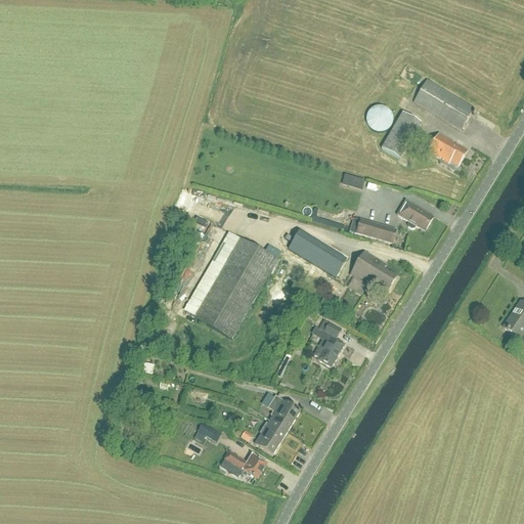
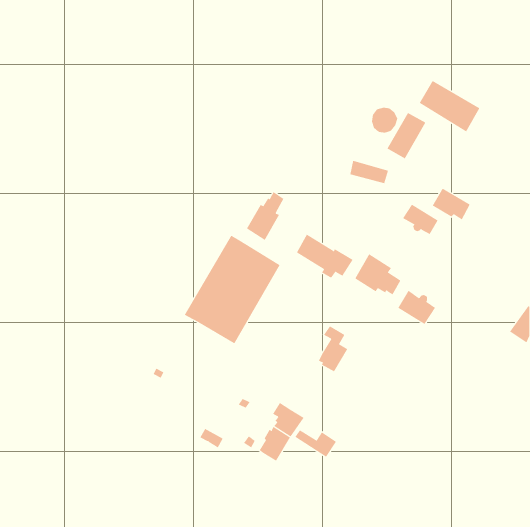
building: [428,133,466,165] -> [432,188,470,220]
building: none -> [246,191,284,241]
building: [356,219,395,243] -> [349,160,389,184]
building: none -> [397,290,436,325]
building: [224,451,266,479] -> [294,430,337,458]

